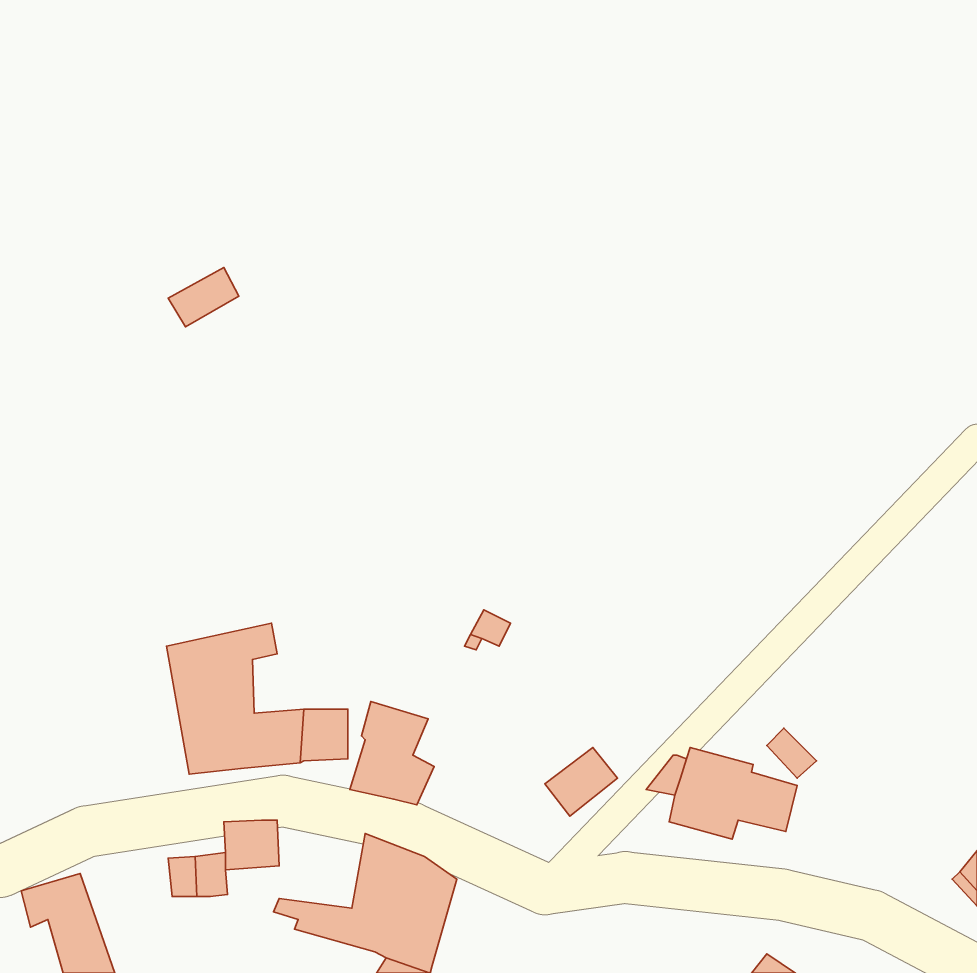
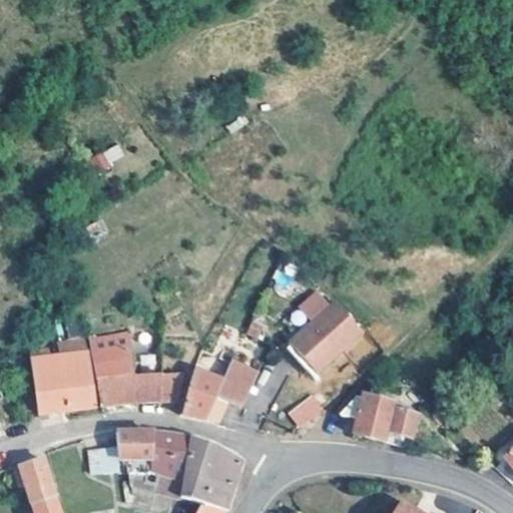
building: none -> [289,302,364,376]
building: none -> [31,351,95,414]
building: none -> [216,360,260,407]
building: none -> [145,430,191,476]

